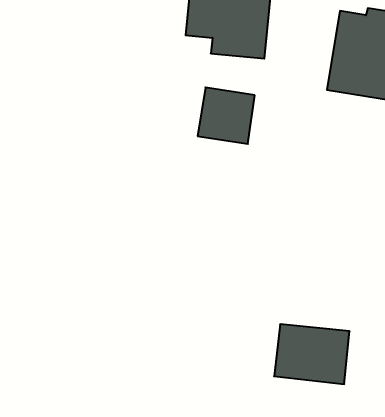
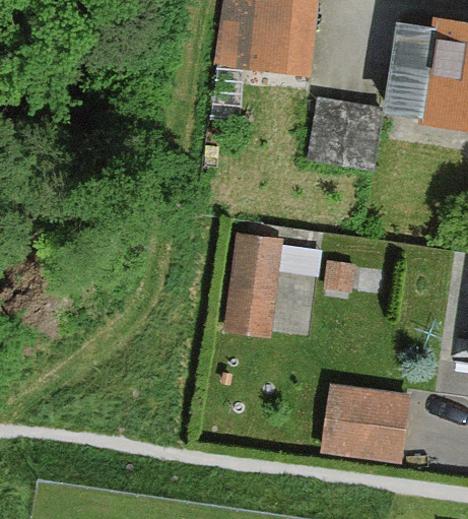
building: [198,87,255,144] -> [307,100,374,166]
building: none -> [224,230,317,339]

